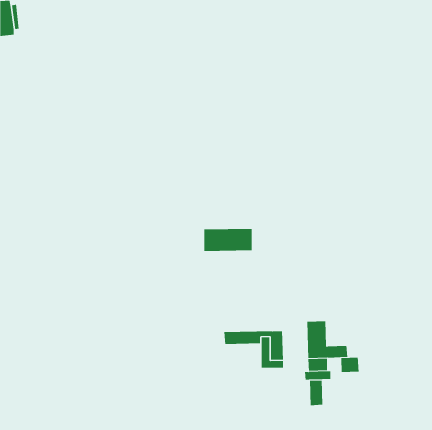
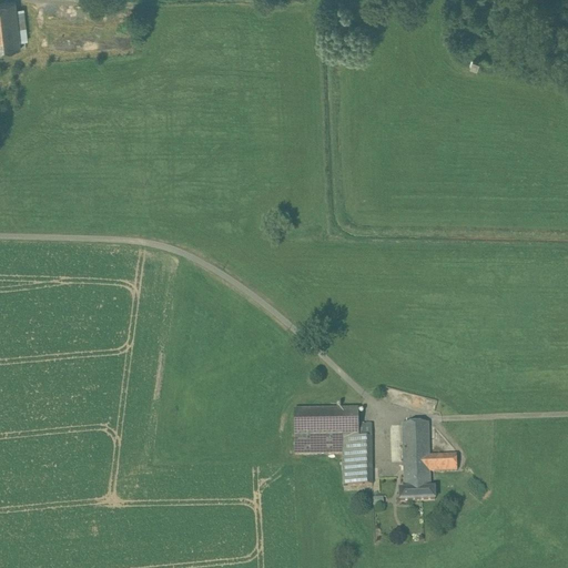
building: [203,228,253,251] -> [293,405,357,435]
building: [341,357,359,373] -> none
building: [309,380,323,406] -> none

